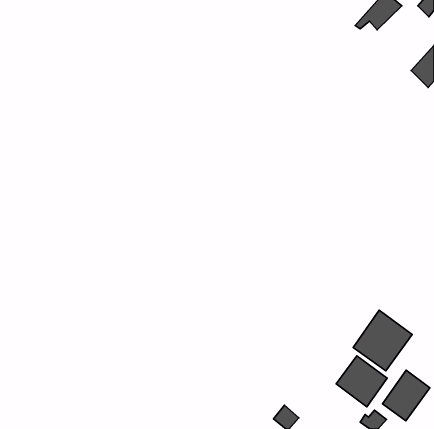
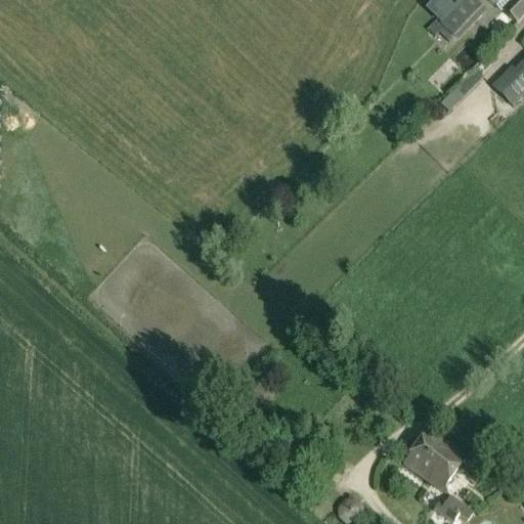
building: [353,310,412,371] -> none
building: [382,370,430,421] -> none

